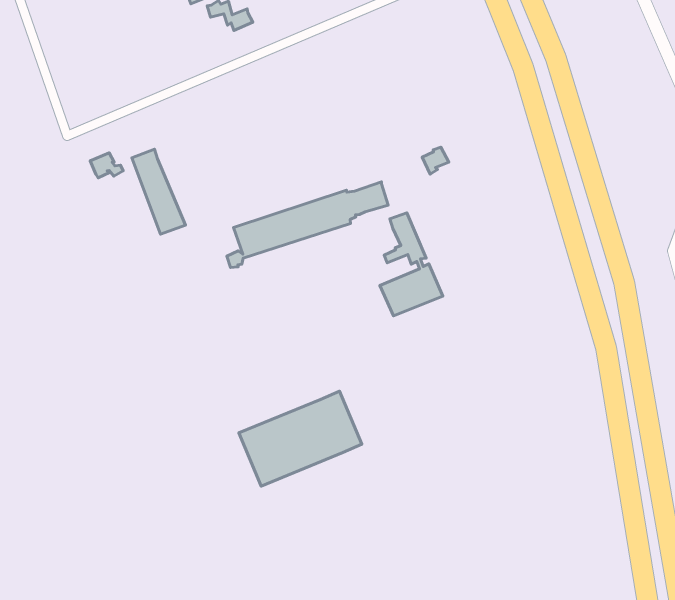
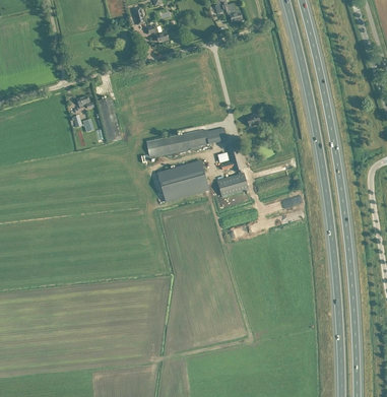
building: [239,391,362,486] -> [155,157,217,201]

